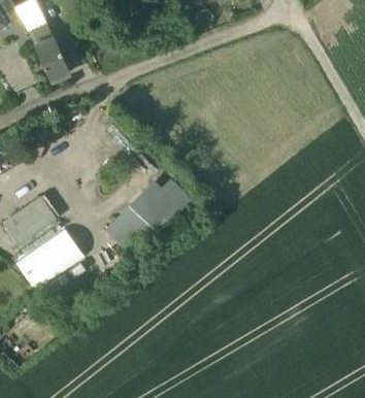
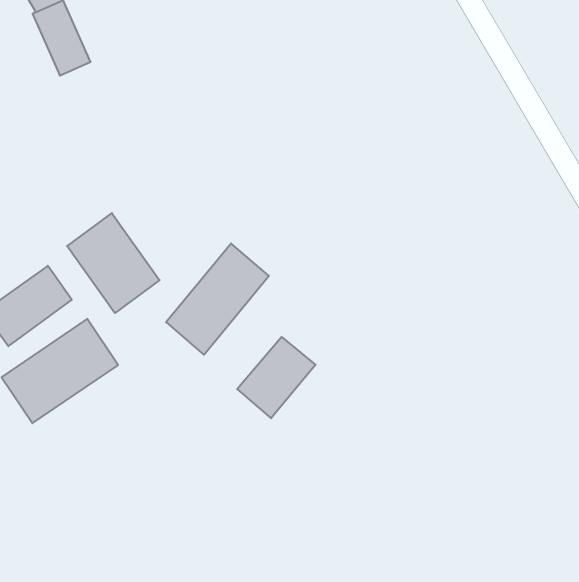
building: none -> [67,213,160,313]
building: none -> [237,337,316,418]

